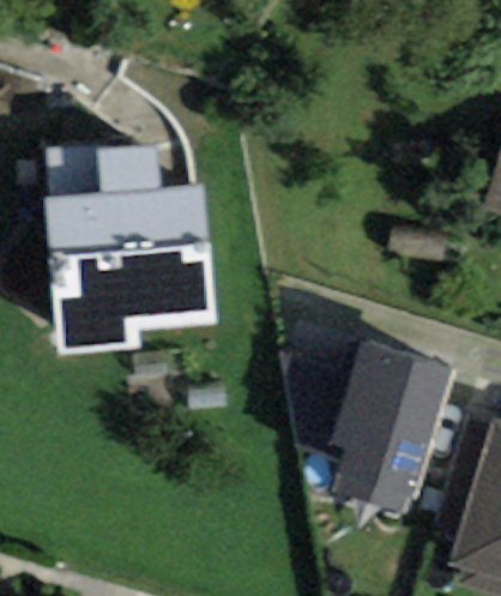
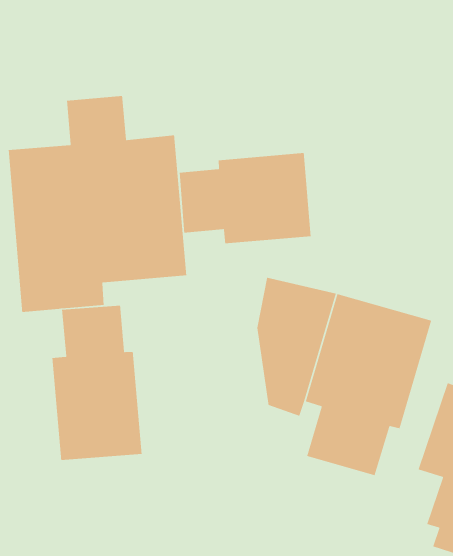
building: none -> [179,152,311,244]
building: none -> [52,305,142,461]

